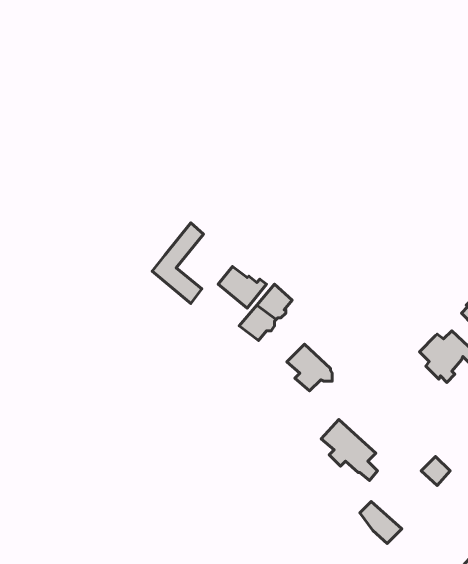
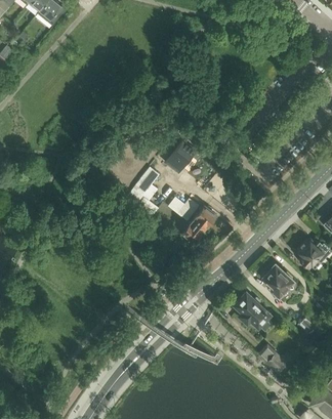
building: none -> [163,141,195,175]
building: [287,344,332,391] -> [262,266,291,296]

